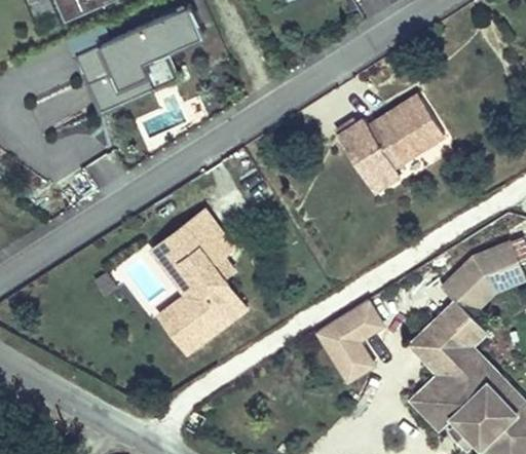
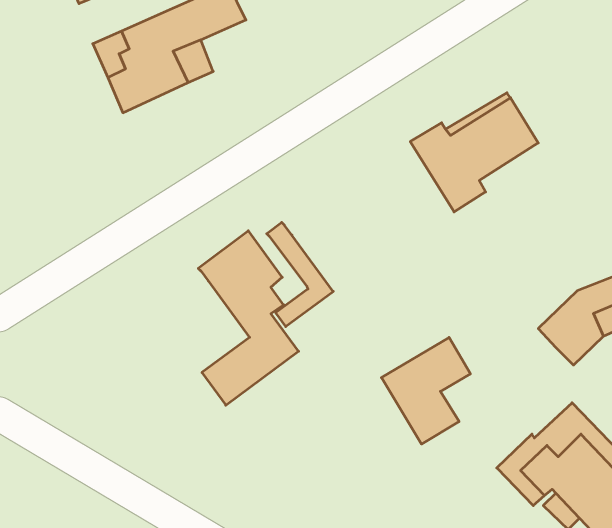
building: [151,238,205,324] -> [267,222,333,327]
building: [410,303,485,377] -> none

